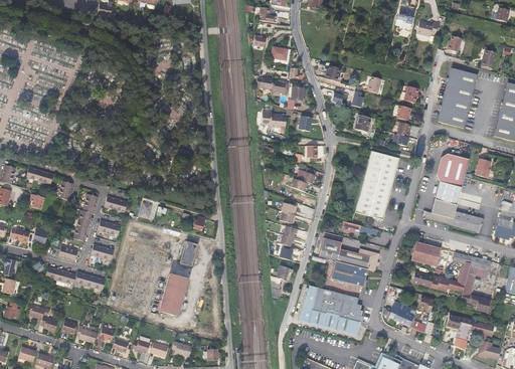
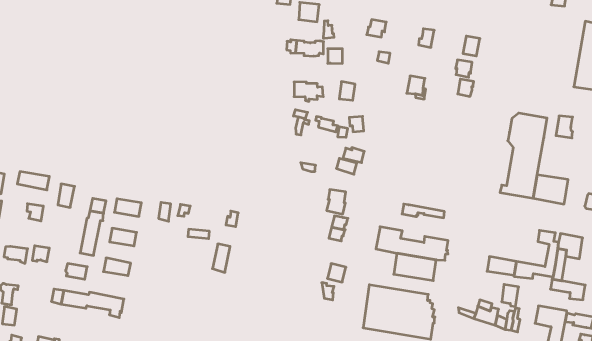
building: [438,67,476,127] -> none
building: [354,150,399,219] -> none
building: [411,241,441,265] -> none
building: [159,273,187,316] -> none

